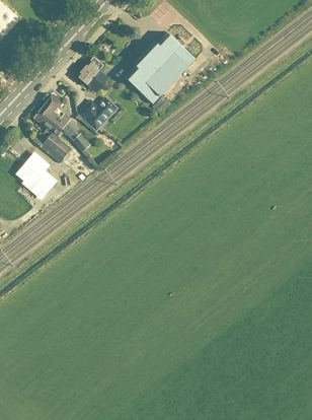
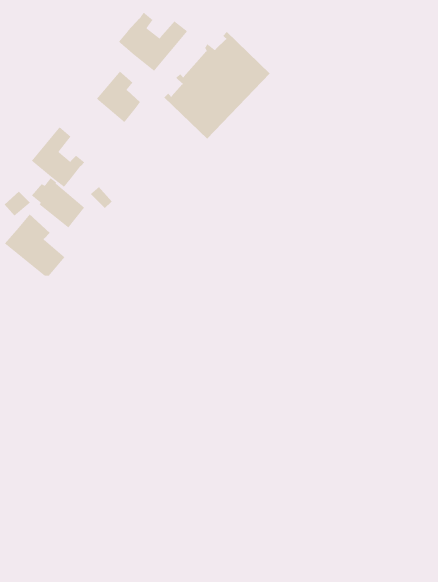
building: none -> [118,12,188,72]
building: [79,97,118,129] -> none

